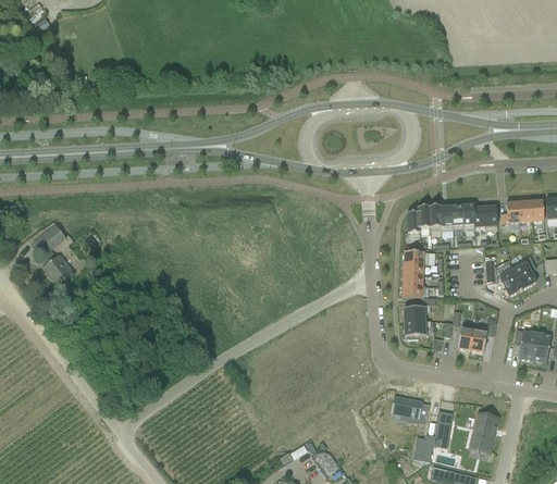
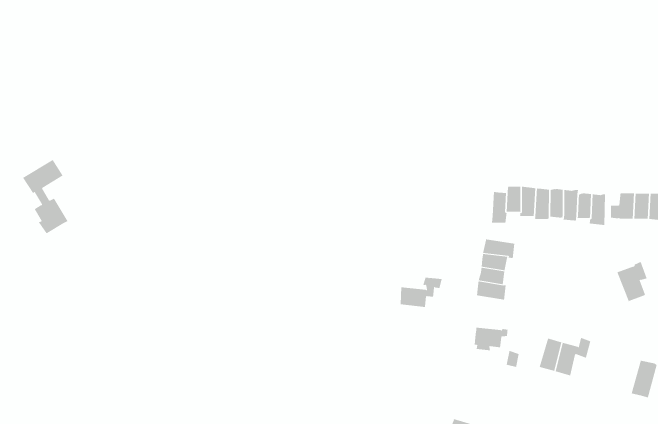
building: [484,258,522,295] -> none
building: [403,297,435,321] -> [400,277,443,307]
building: [513,328,536,360] -> none

